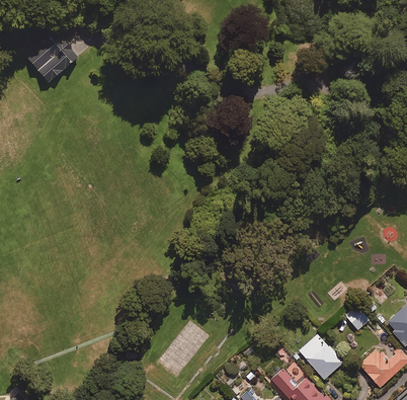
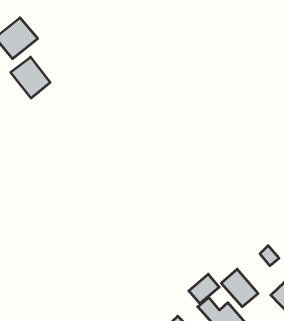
building: none -> [11,57,50,98]
building: none -> [189,274,219,303]

